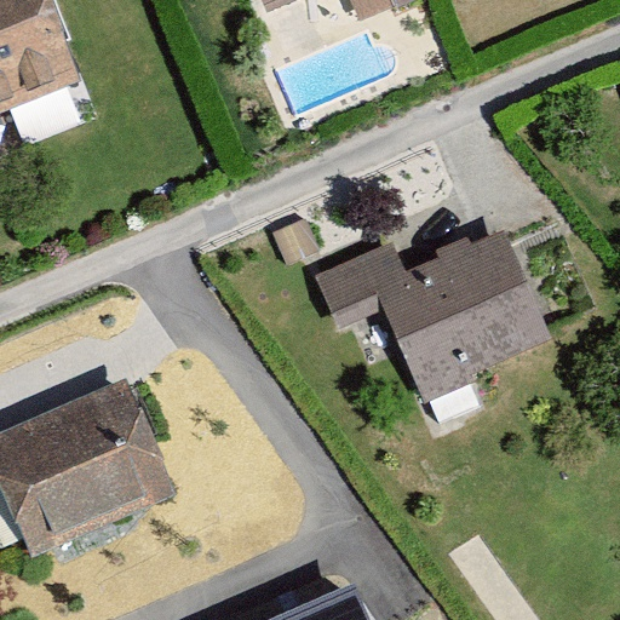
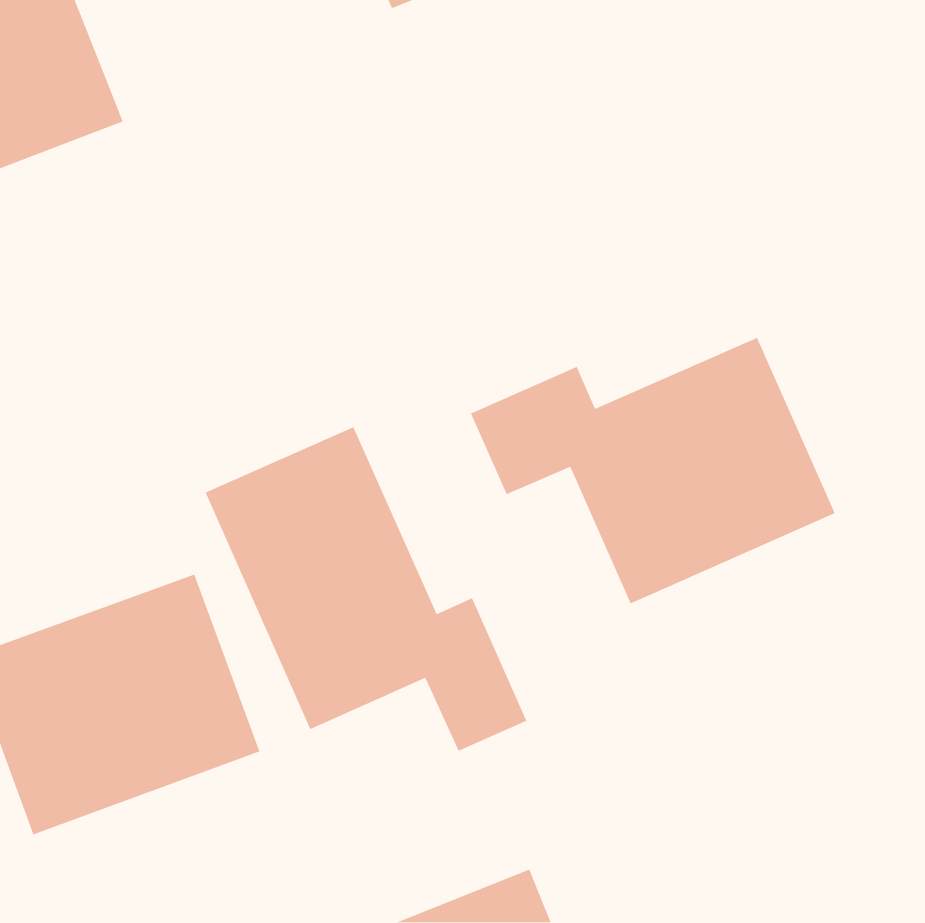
building: none -> [205,426,527,752]

